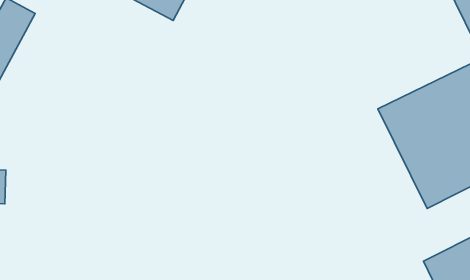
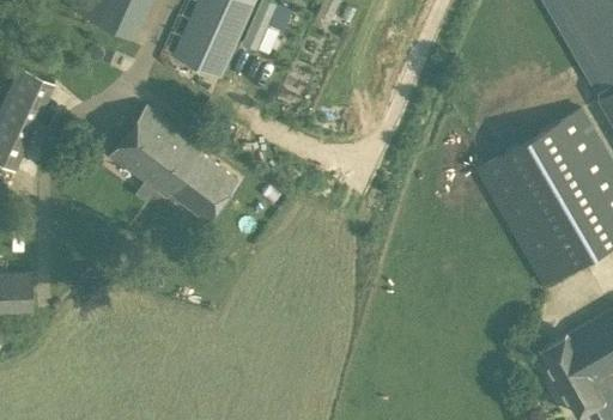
building: none -> [110,108,238,223]

